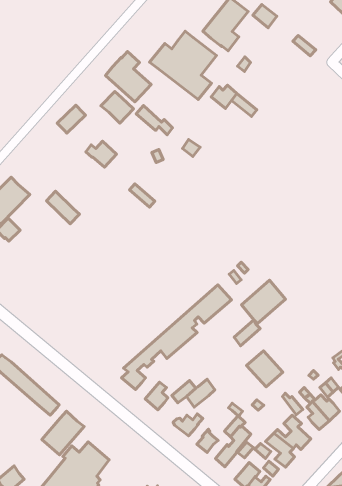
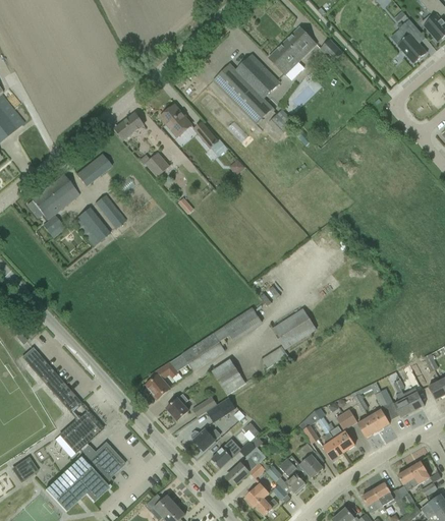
building: [105,51,151,102] -> none
building: none -> [75,153,111,185]
building: none -> [72,207,109,245]
building: [247,351,283,387] -> [211,358,245,394]

